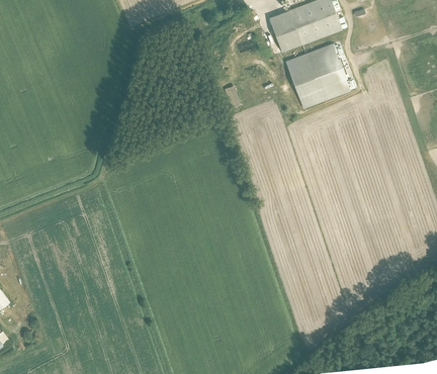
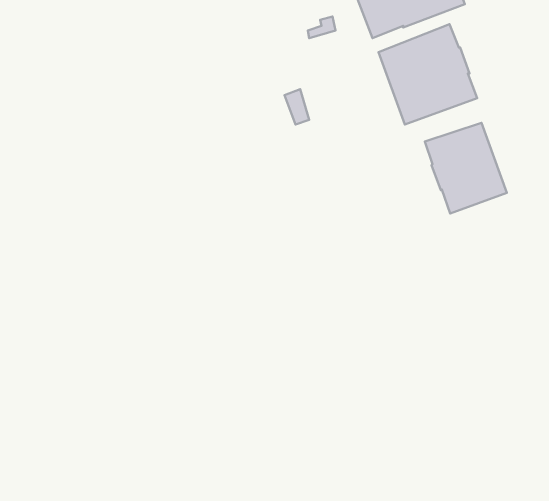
building: none -> [425,123,507,213]

